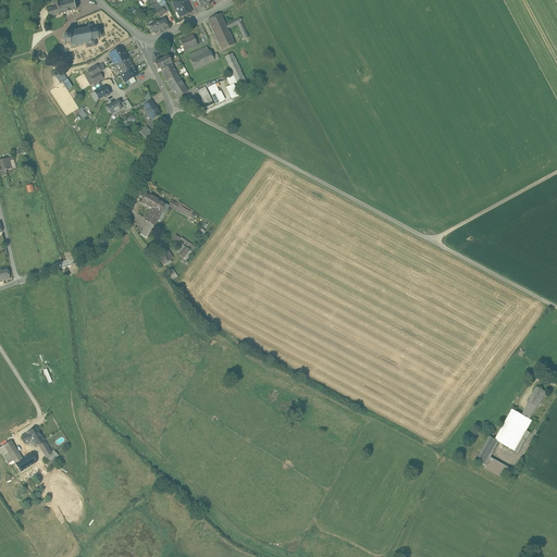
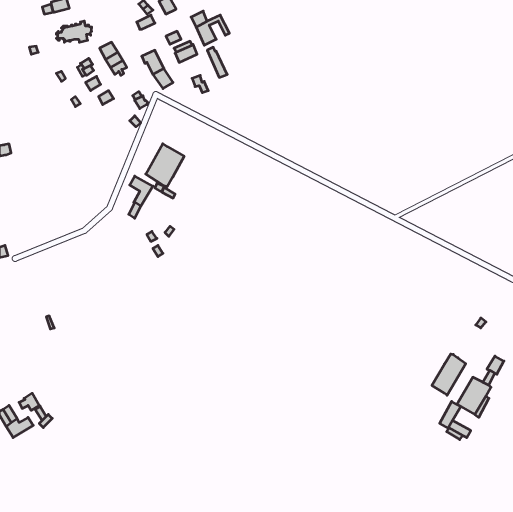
building: none -> [146,144,184,187]
building: none -> [432,354,466,395]

